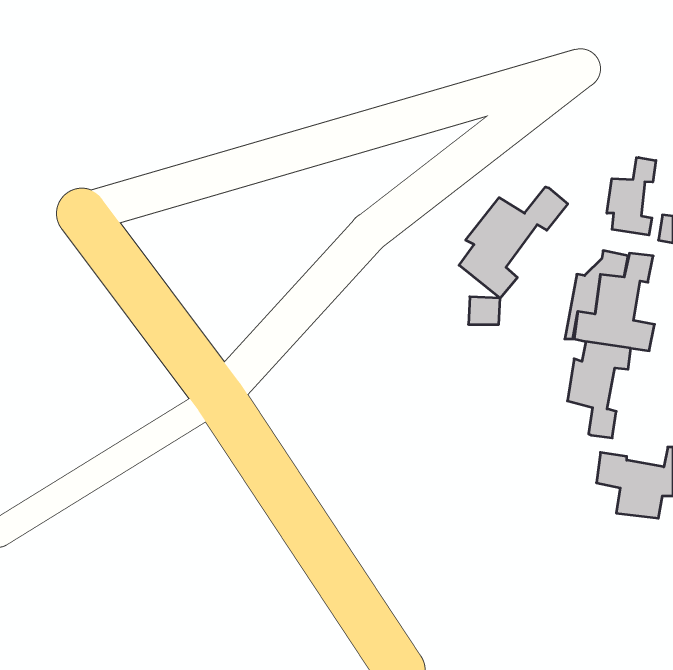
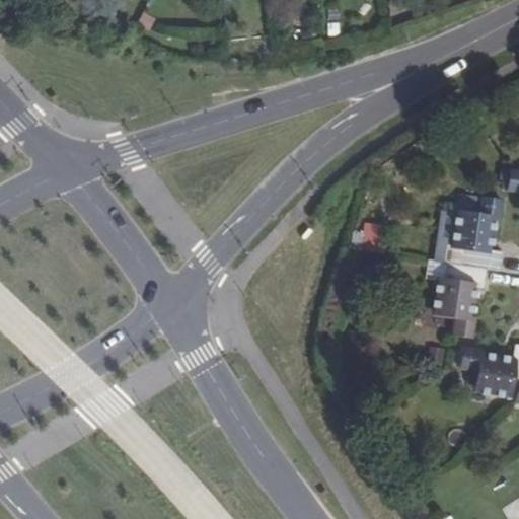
building: [607,157,656,235] -> none
building: [459,187,568,298] -> none

